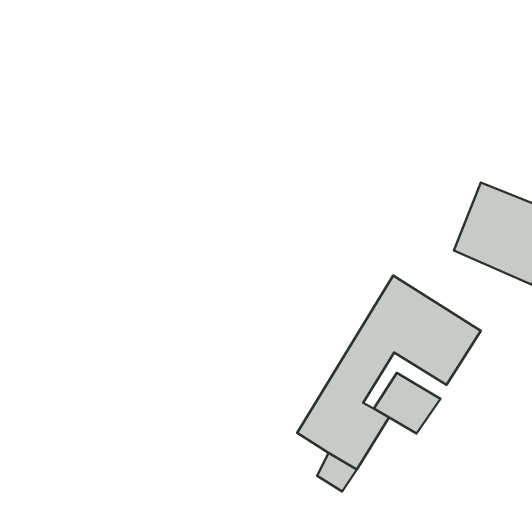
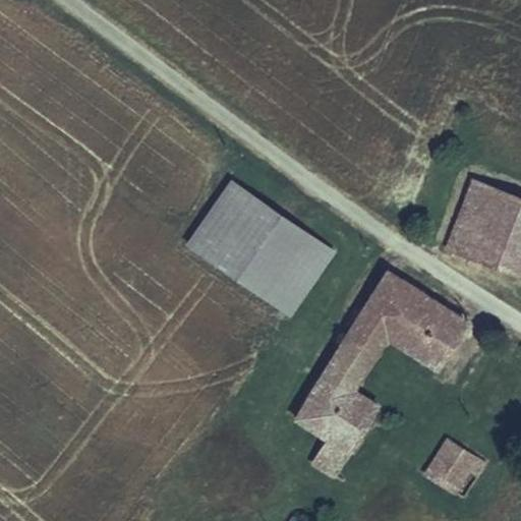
building: none -> [186,180,337,319]
building: [374,373,441,433] -> [424,437,489,496]

